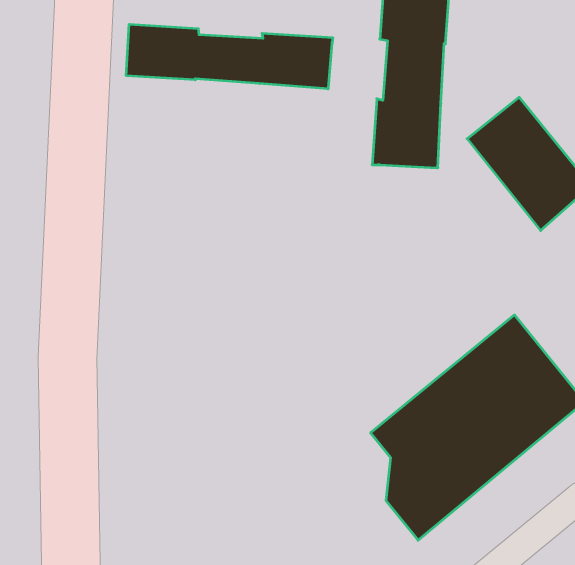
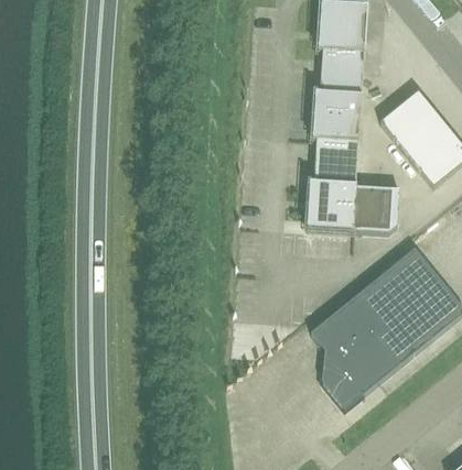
building: [126,24,333,89] -> none
building: none -> [307,139,400,232]

